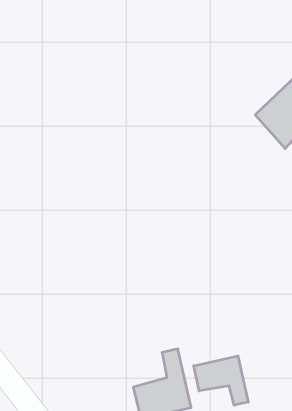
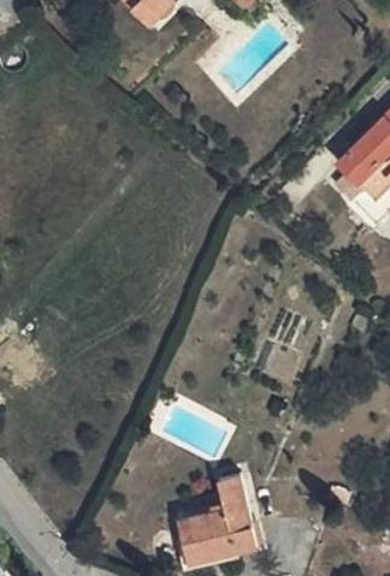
building: [194,356,248,405] -> none

